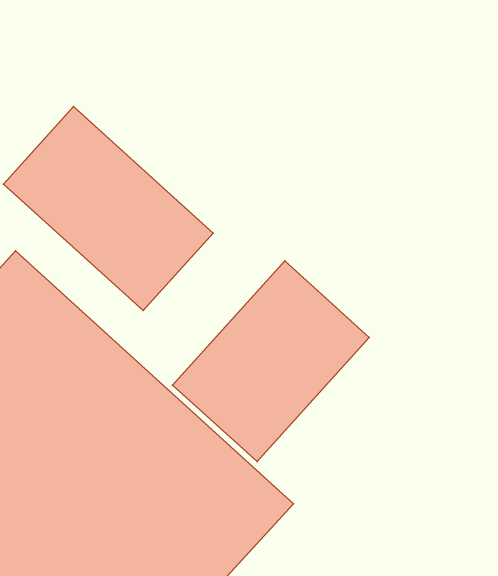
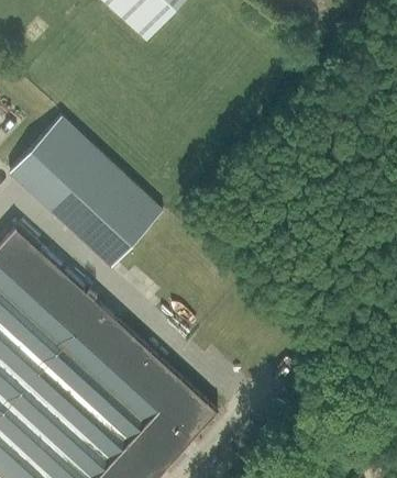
building: [172,261,369,462] -> none

